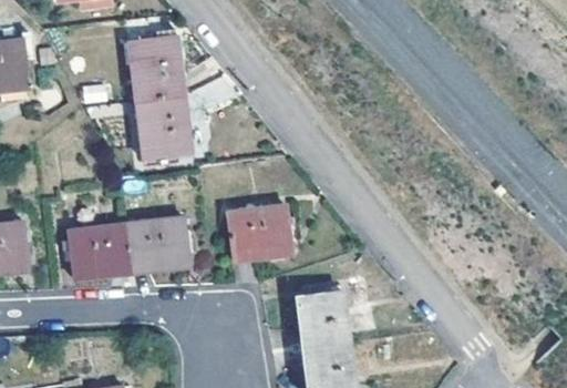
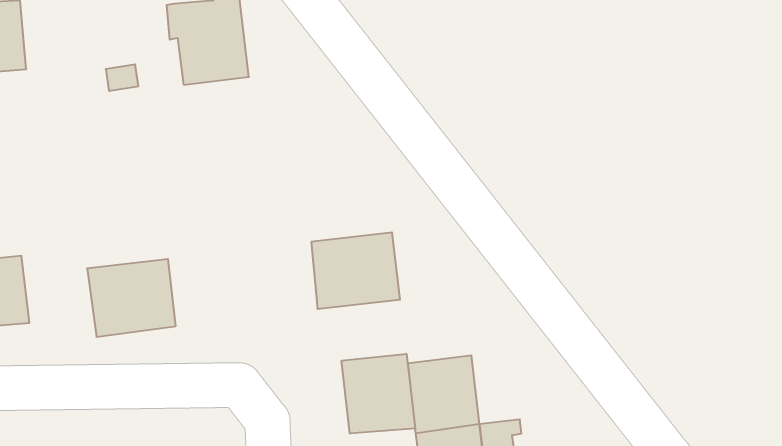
building: [137,93,190,155] -> none
building: [126,217,187,270] -> none
building: none -> [342,354,415,434]

